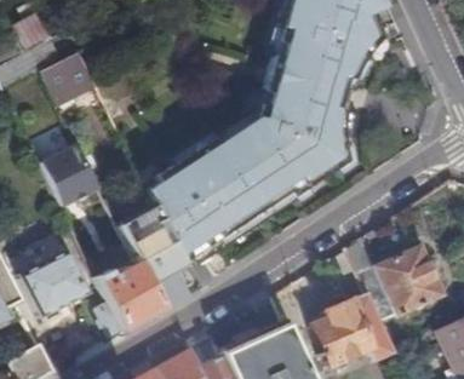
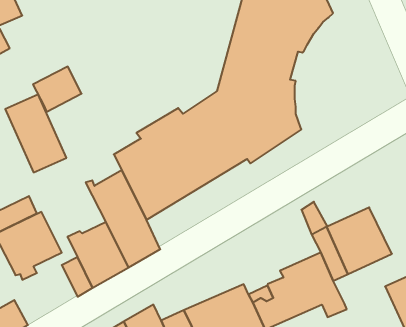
building: [41,52,93,101] -> [33,67,82,112]

